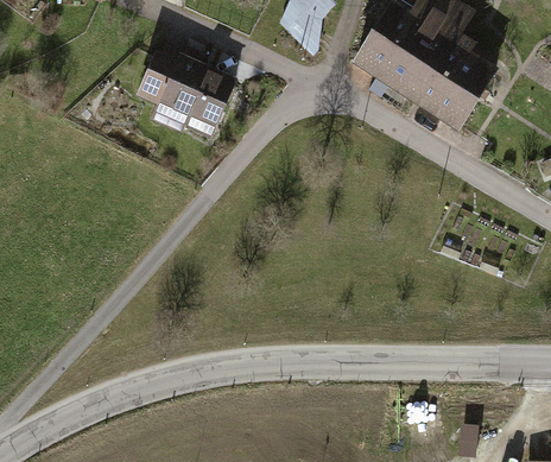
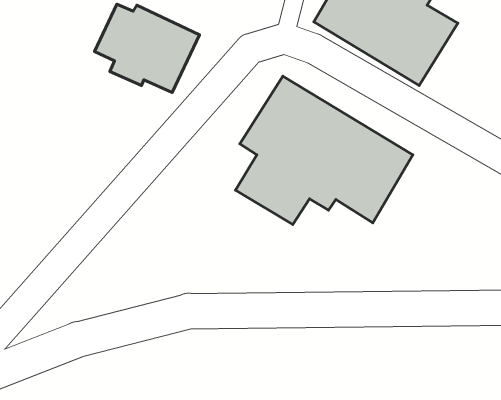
building: none -> [235,76,413,224]

